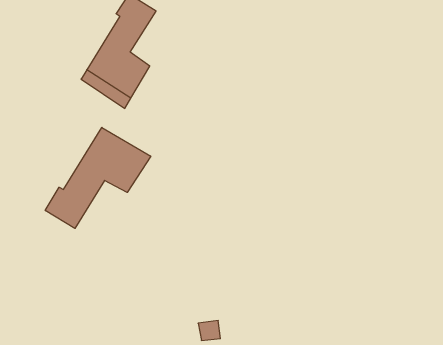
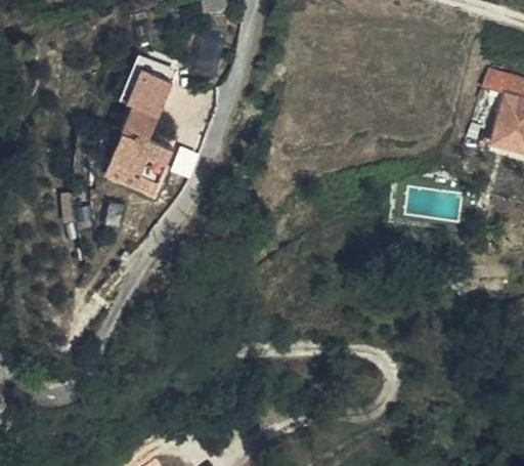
building: [45,127,151,228] -> none

